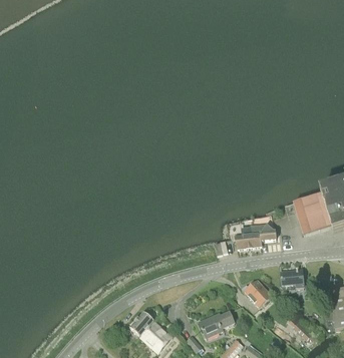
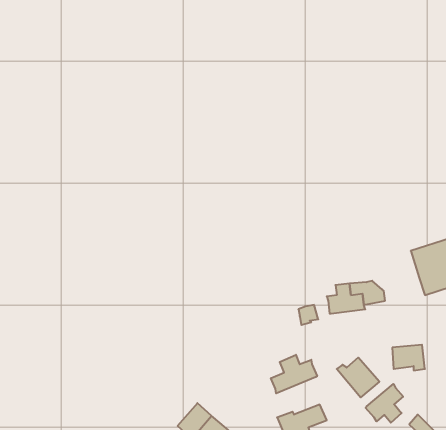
building: none -> [271,355,317,393]
building: none -> [366,384,403,423]

